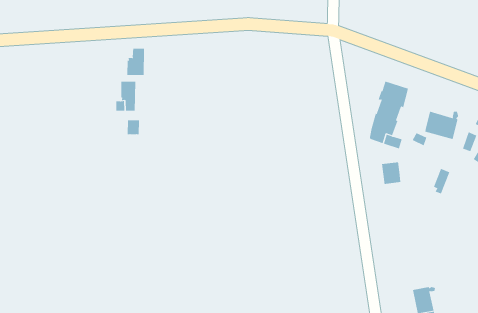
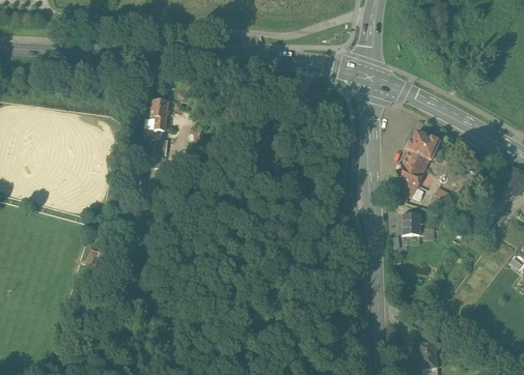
building: [127,48,144,76] -> none
building: [425,111,459,140] -> none

